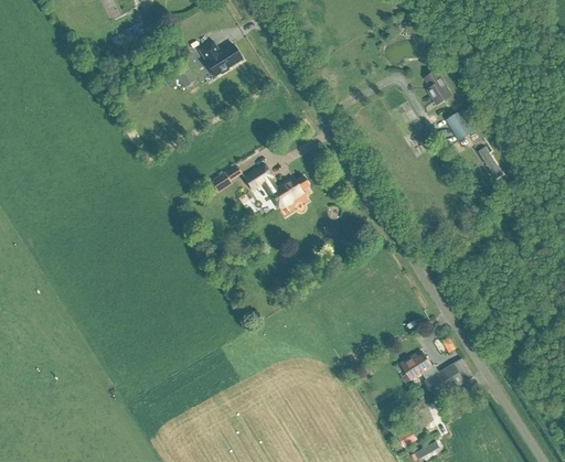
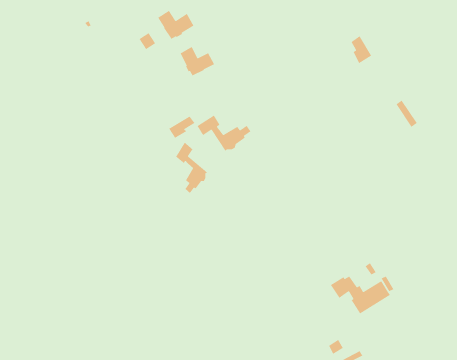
building: none -> [179,46,215,76]
building: [446,111,475,141] -> none
building: none -> [175,142,208,194]

